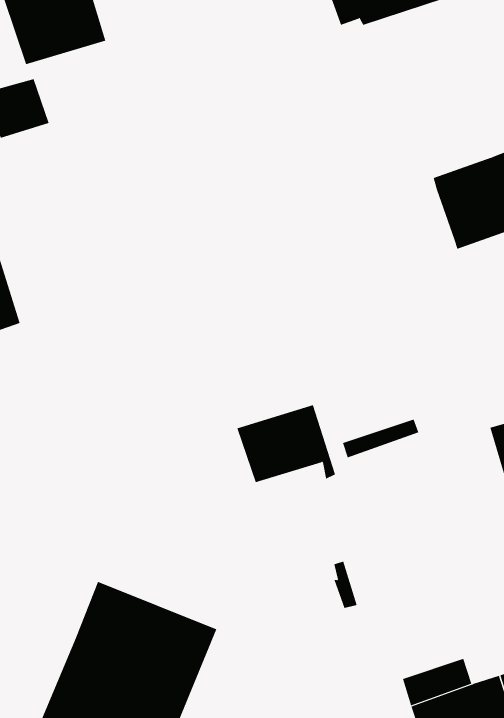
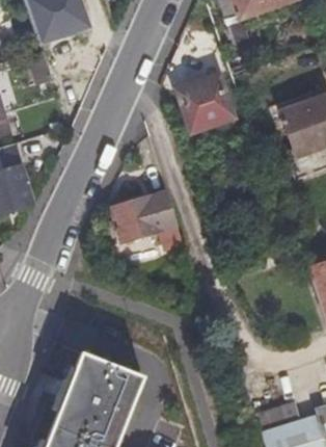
building: none -> [174,68,233,126]
building: [236,404,336,483] -> [109,192,169,240]

